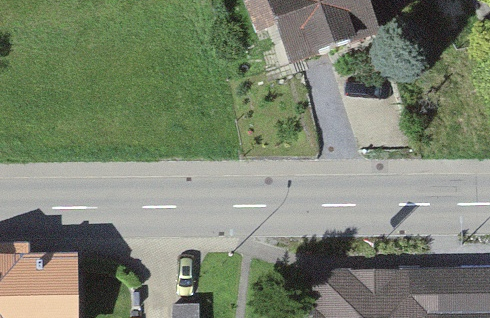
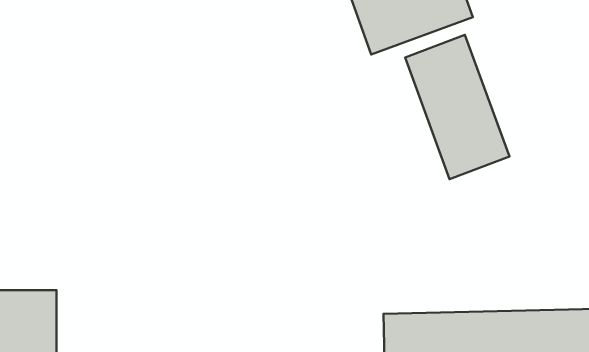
building: none -> [405,35,509,179]

